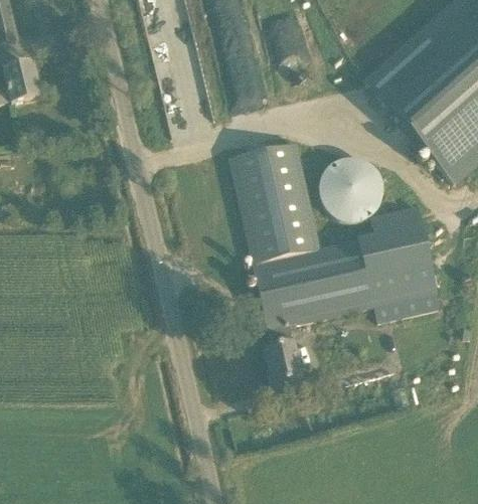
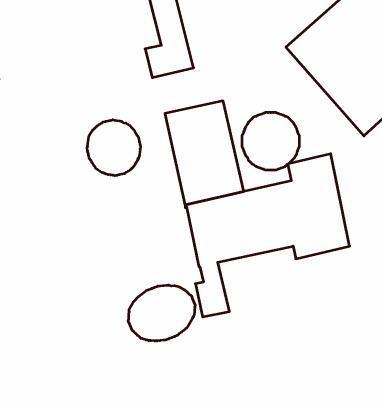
building: none -> [87,120,141,176]
building: none -> [128,285,195,341]

